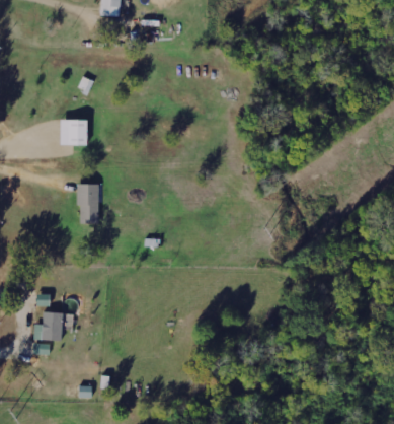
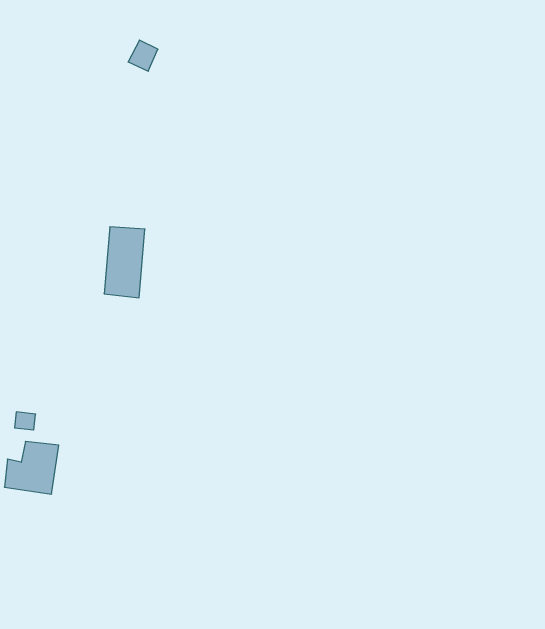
building: [60,120,87,145] -> none

